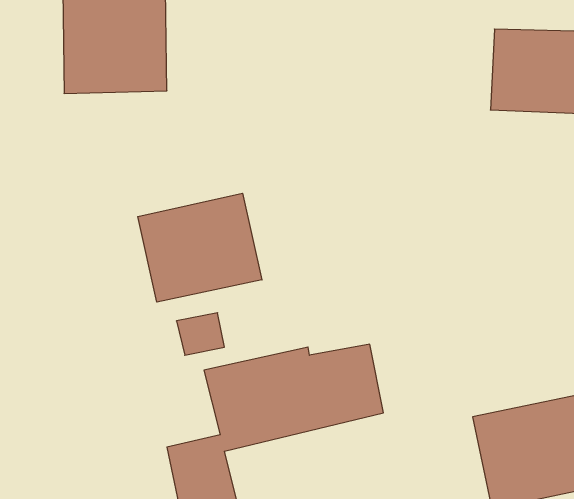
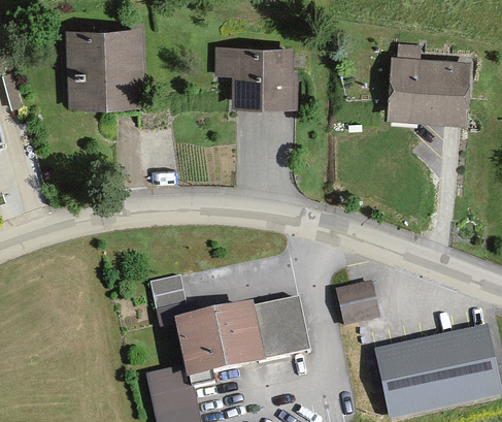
building: none -> [212,46,294,105]
building: [138,193,262,302] -> none
building: none -> [335,282,380,329]

